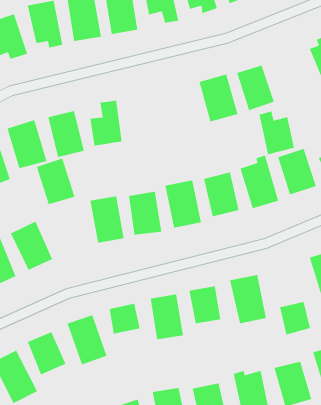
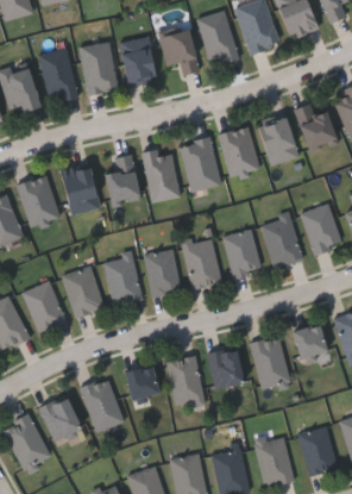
building: none -> [180,137,221,192]
building: none -> [143,149,180,201]
building: [258,111,295,155] -> [297,104,335,150]
building: [36,157,75,205] -> [62,265,103,315]
building: [279,301,311,335] -> [293,324,326,359]

